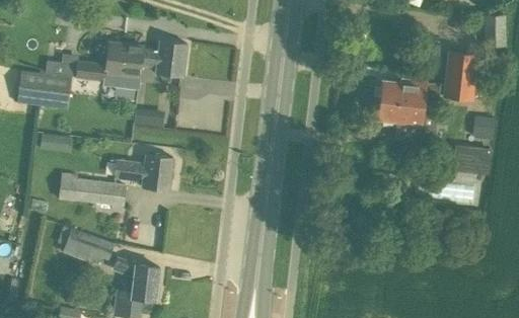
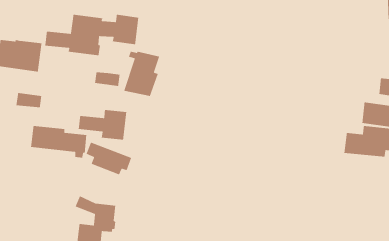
building: [443,52,478,100] -> none
building: [378,79,440,142] -> none
building: none -> [123,51,160,97]
building: [58,224,114,264] -> [85,141,132,175]

